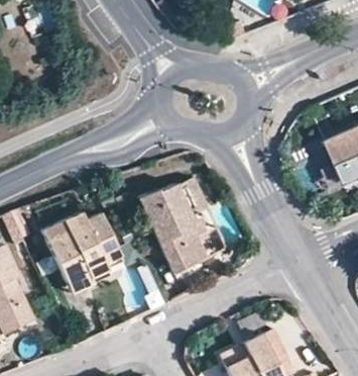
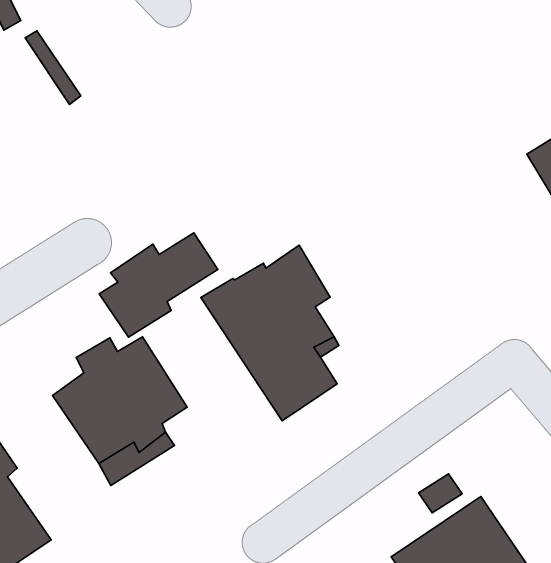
building: none -> [99,233,218,337]

